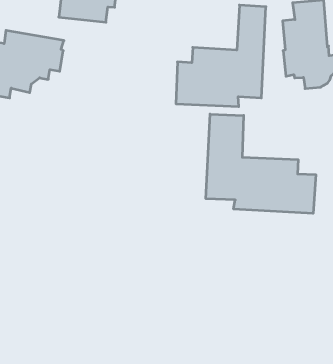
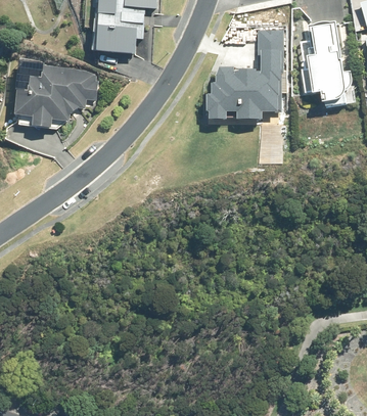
building: [206,114,316,213] -> none

